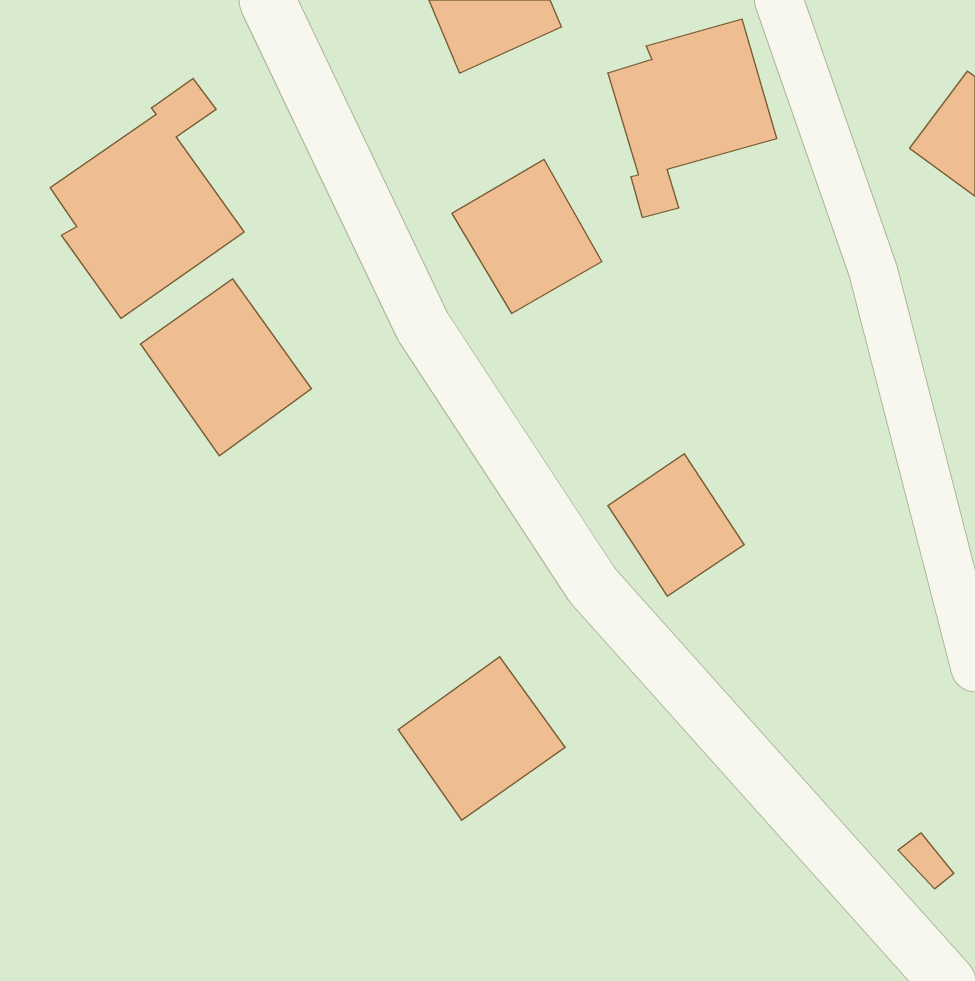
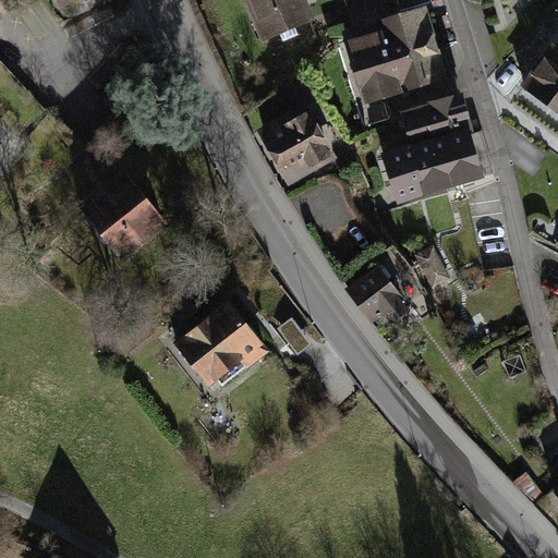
building: [50,78,244,318] -> none
building: none -> [385,98,489,202]
building: [398,657,565,820] -> [177,298,271,390]

